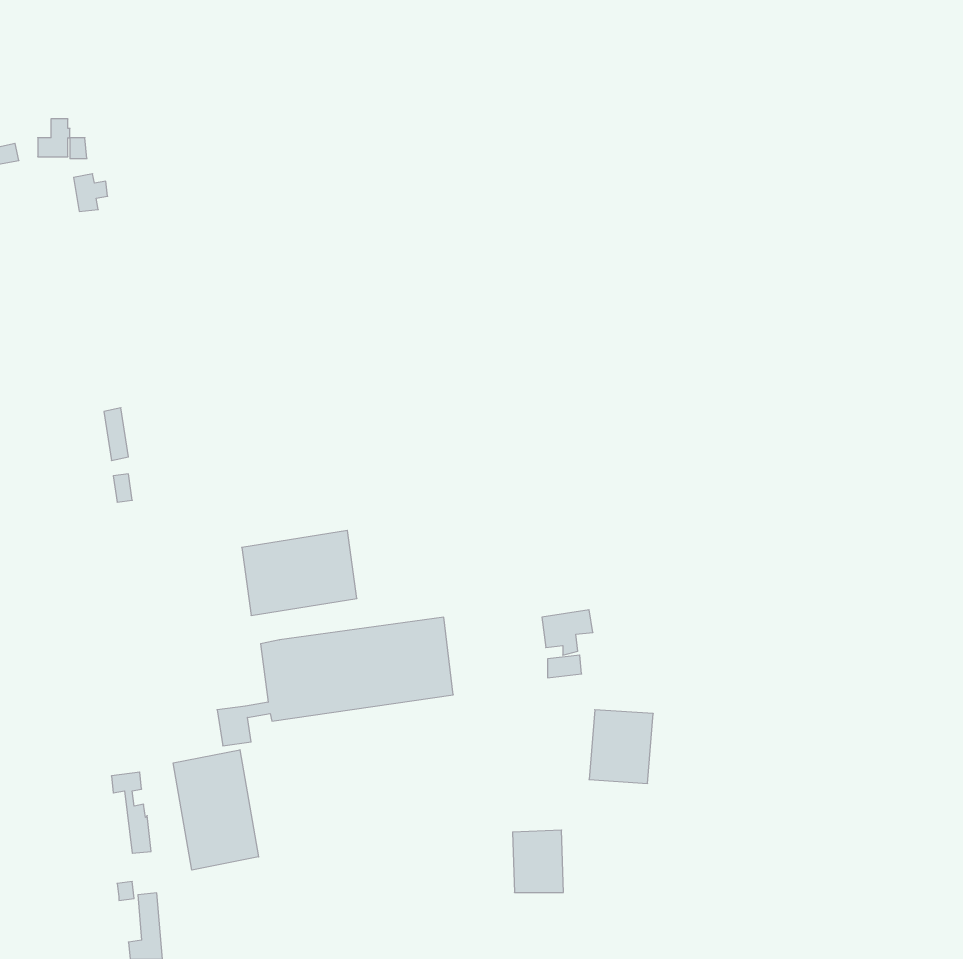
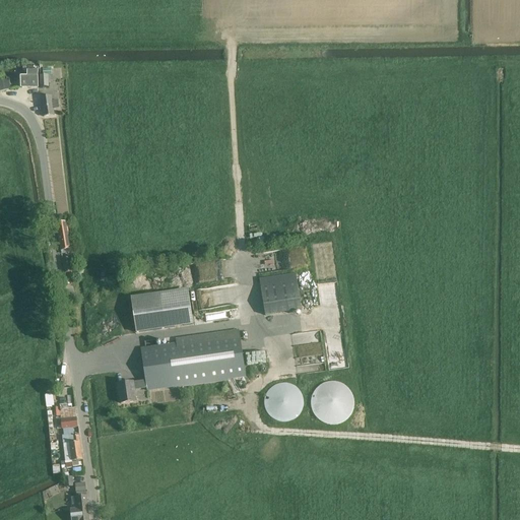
building: none -> [259,279,301,314]
building: [173,750,259,870] -> none
building: [513,830,563,892] -> [270,384,298,417]

